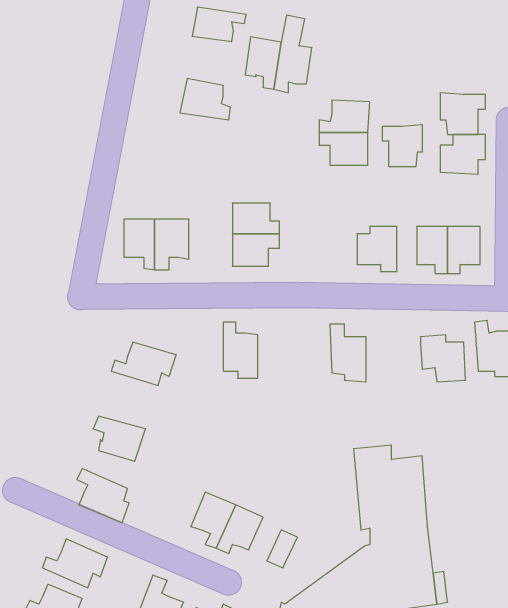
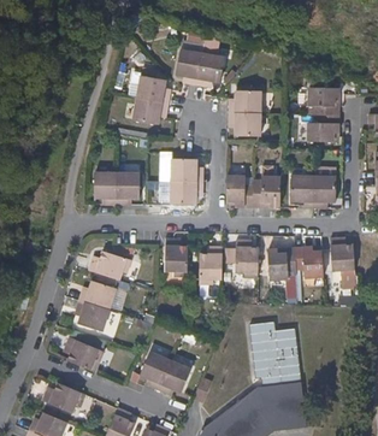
building: [192,7,246,42] -> [130,99,166,122]
building: [383,124,422,167] -> none
building: none -> [224,173,252,205]
building: none -> [197,247,220,283]
building: none -> [267,249,296,281]
building: none -> [79,283,117,310]

